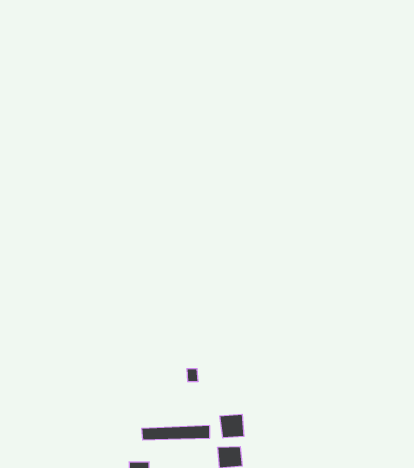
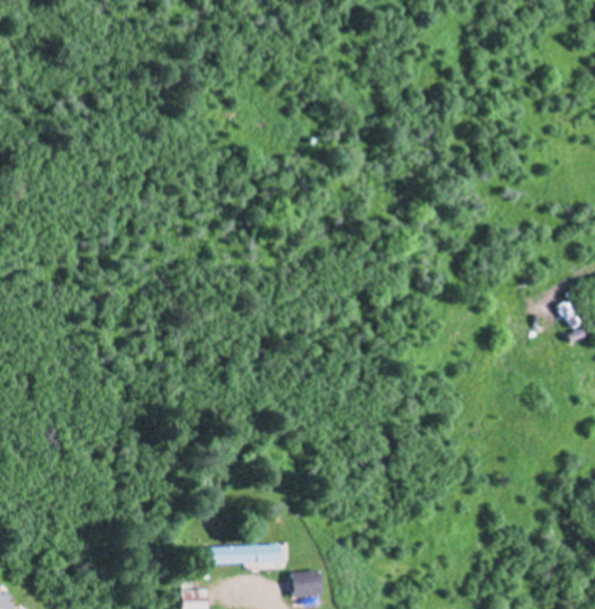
building: [220,414,244,438] -> none

